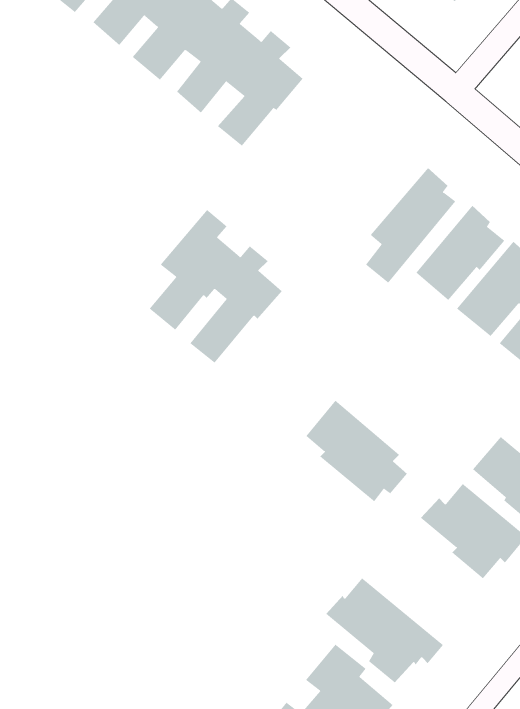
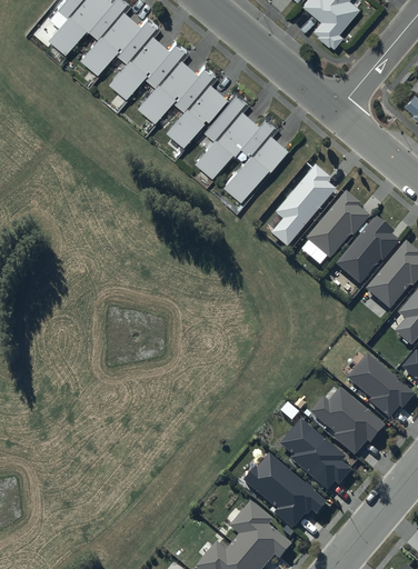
building: [149,209,283,363] -> [195,94,289,203]
building: [305,400,408,502] -> [279,417,351,489]

